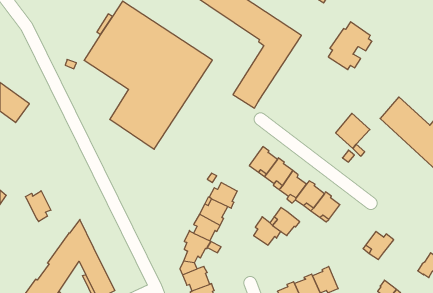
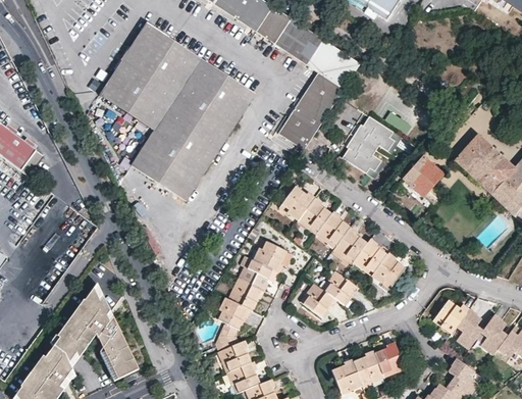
building: [328,22,372,70] -> [344,116,396,173]
building: none -> [281,186,314,220]
building: [25,191,51,222] -> none
building: none -> [458,309,481,346]
building: none -> [482,313,506,351]

